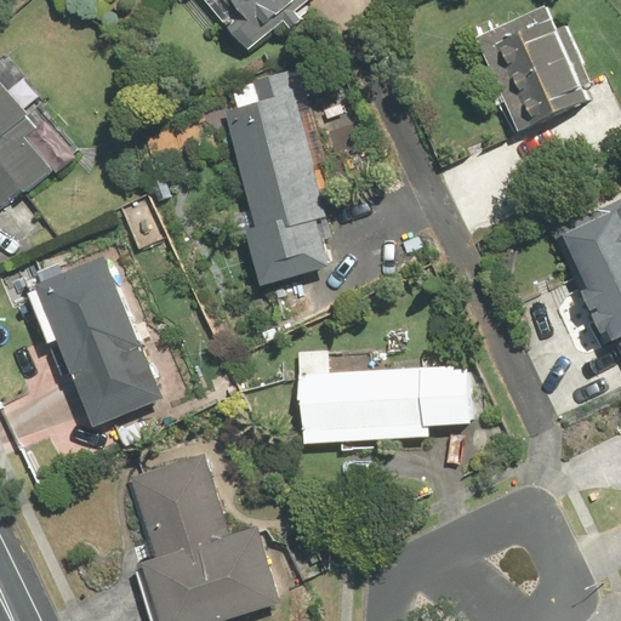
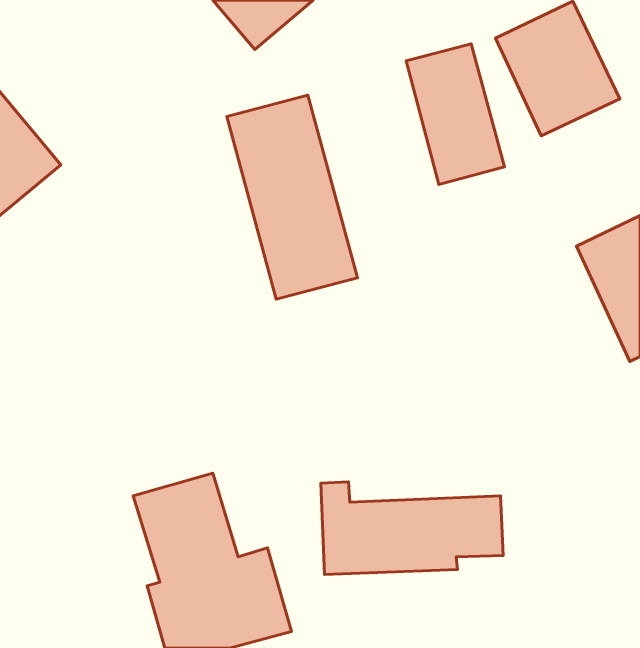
building: none -> [406,44,504,185]
building: [35,256,164,425] -> none
building: [296,352,471,440] -> [321,482,503,574]

